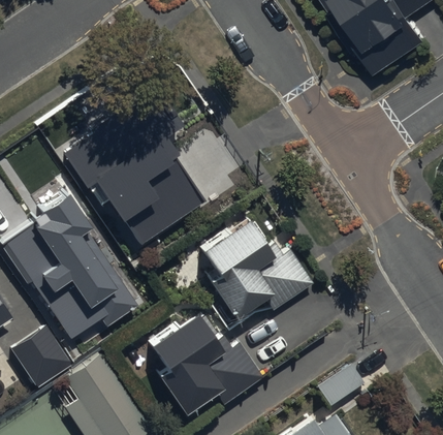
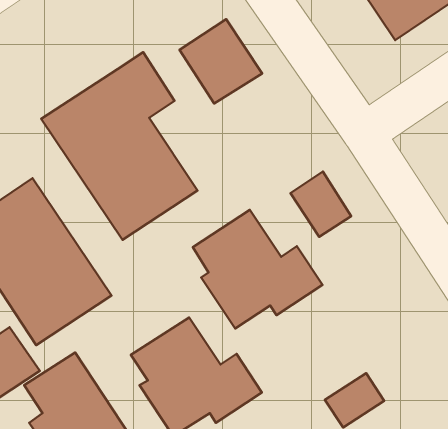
building: none -> [179,19,262,104]
building: none -> [290,171,351,237]

